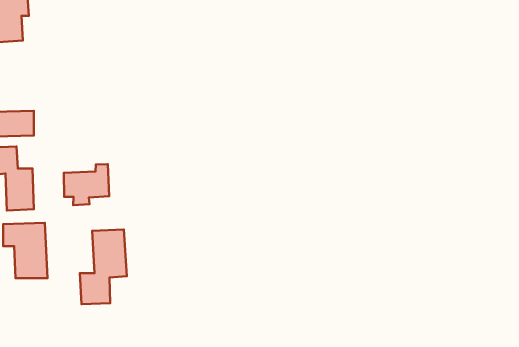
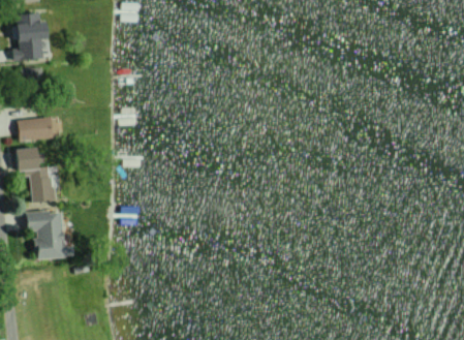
building: [64,164,109,205] -> none
building: [80,230,127,304] -> none

